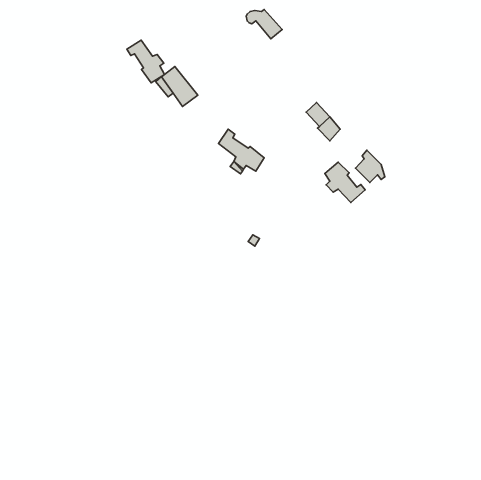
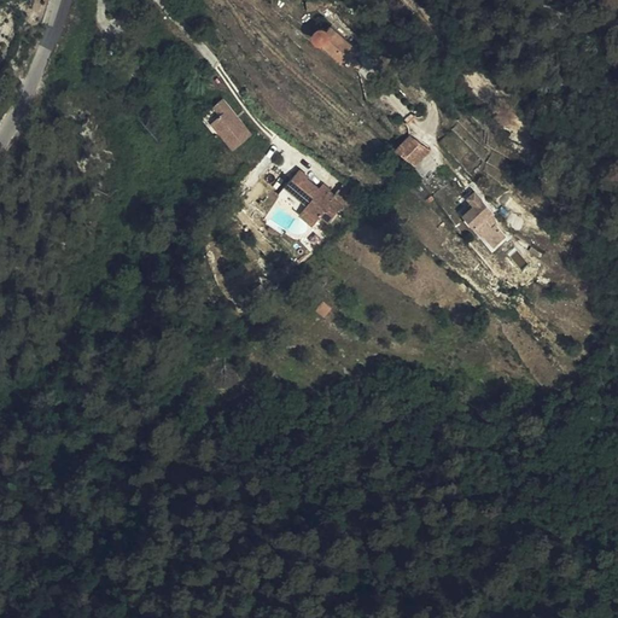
building: [127,40,165,83] -> none
building: [325,162,365,202] -> none

